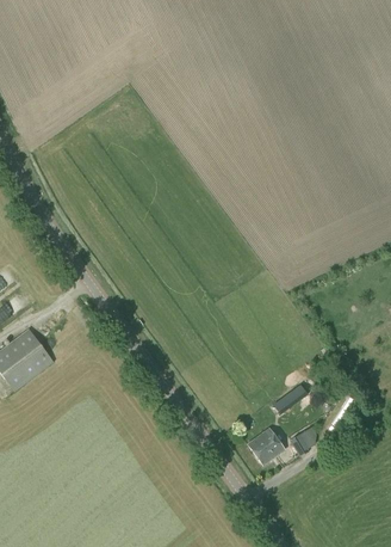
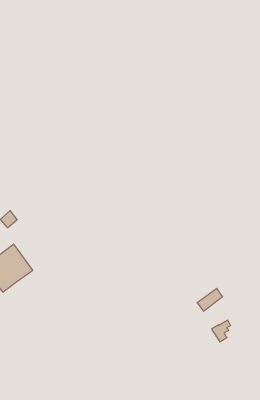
building: [248,428,285,465] -> none

